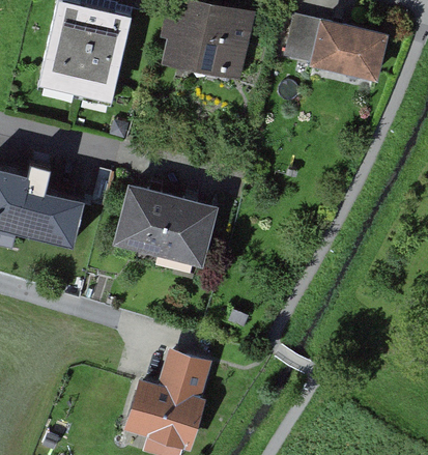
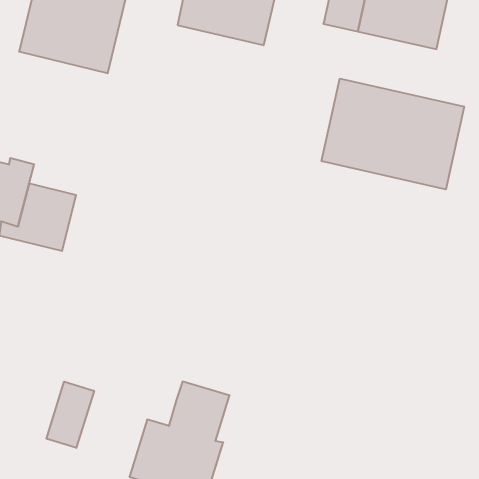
building: none -> [322,79,464,189]
building: [118,189,215,265] -> none
building: none -> [46,382,94,448]

